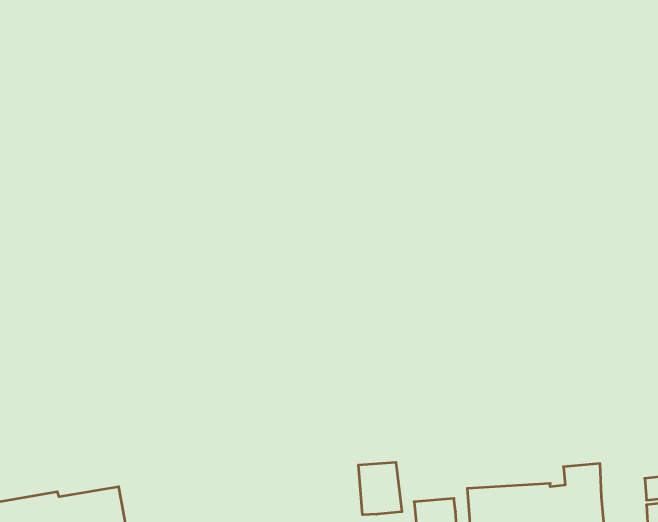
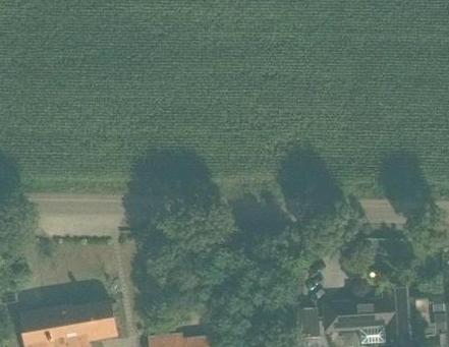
building: [359,462,402,515] -> none

